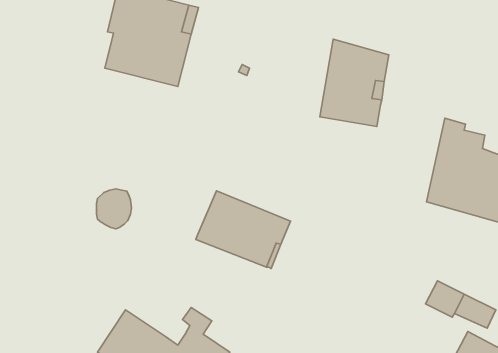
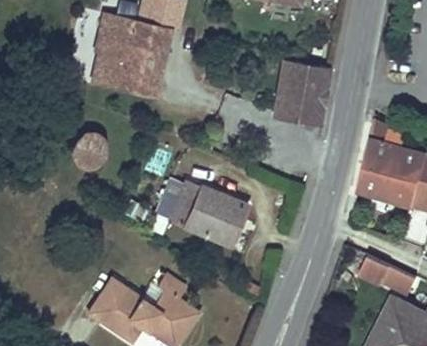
building: [96,189,132,229] -> [75,133,104,166]

